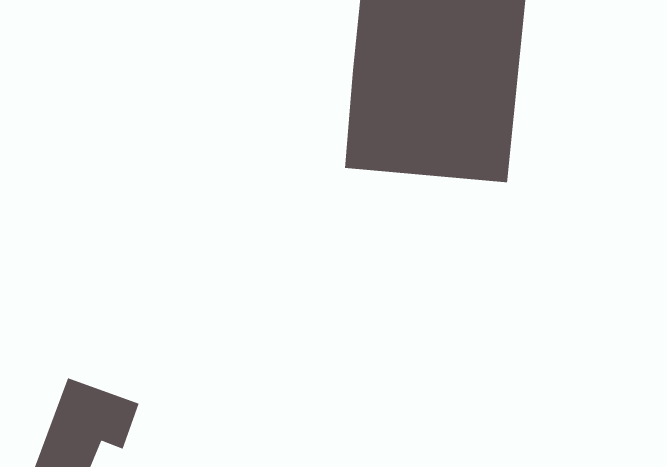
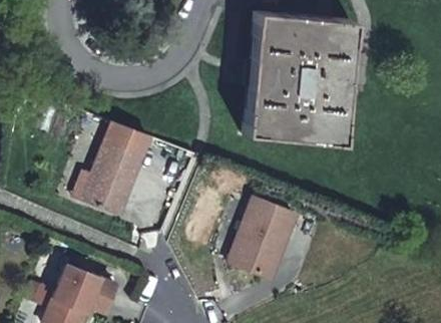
building: none -> [84,120,147,213]
building: none -> [240,202,304,280]

